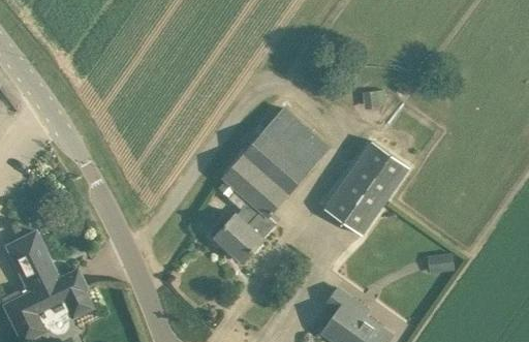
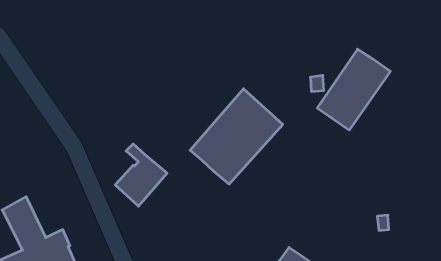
building: [323,141,408,235] -> [317,49,390,130]
building: [215,189,275,261] -> [115,144,167,206]

